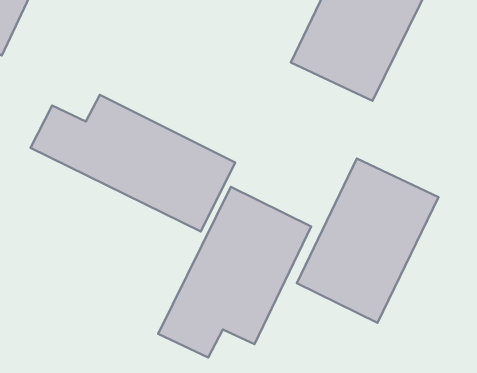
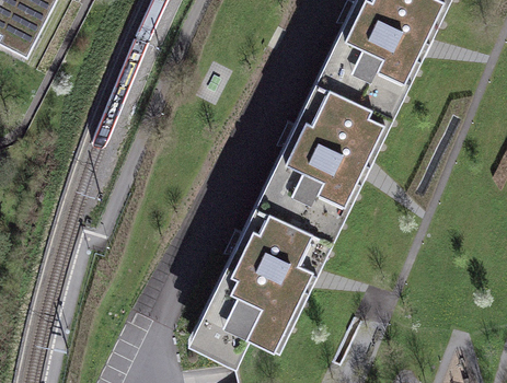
building: [31,95,235,232] -> none
building: [297,159,439,323] -> [260,72,396,231]

